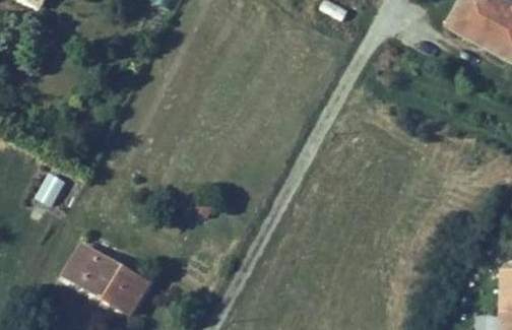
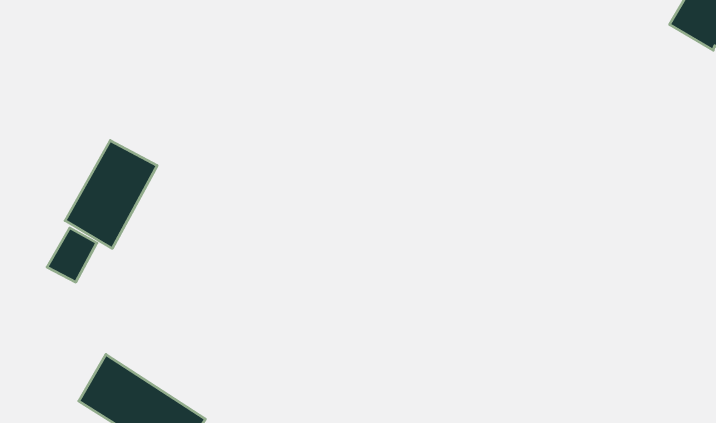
building: none -> [65,140,157,248]

